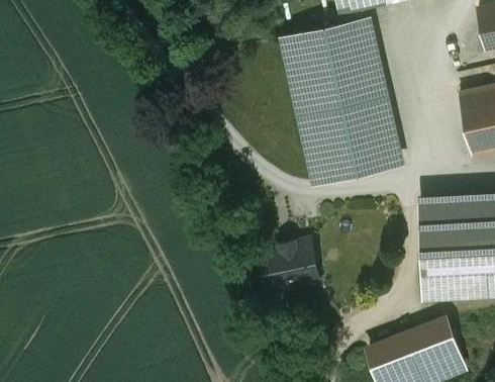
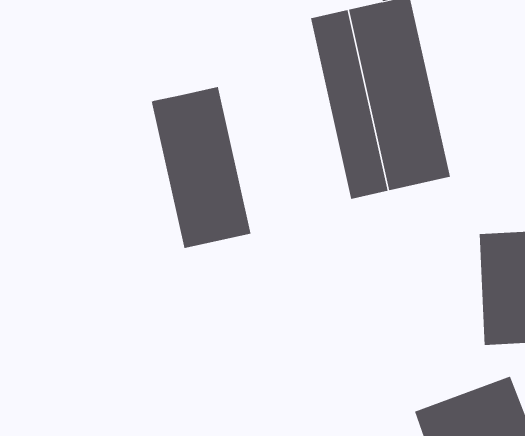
building: none -> [151,86,251,249]
building: [261,238,318,287] -> none

